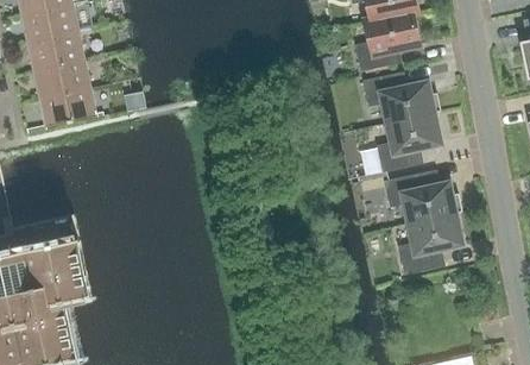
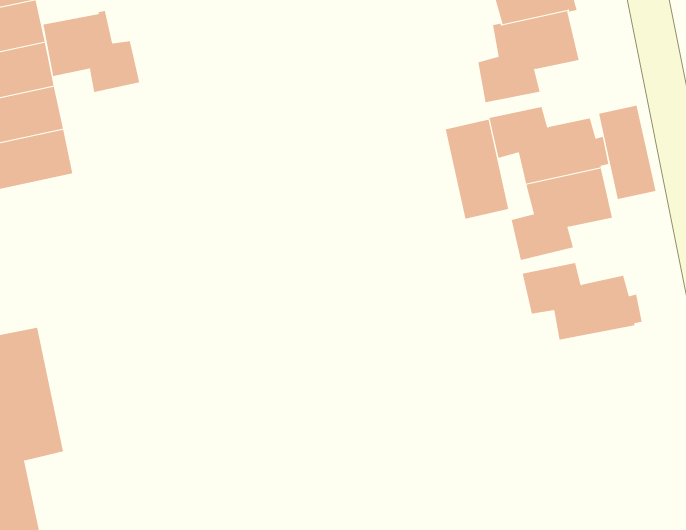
building: none -> [42,10,140,93]
building: none -> [598,105,656,200]
building: none -> [445,119,509,219]
building: [398,214,463,275] -> none

